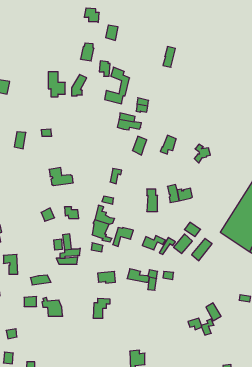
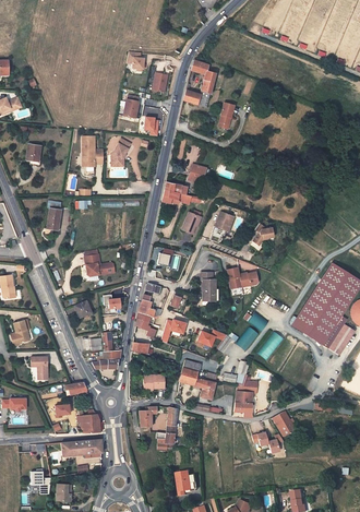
building: [105,67,130,104] -> [187,61,217,106]
building: none -> [233,382,256,420]
building: none -> [155,409,177,454]
building: none -> [58,443,98,462]

